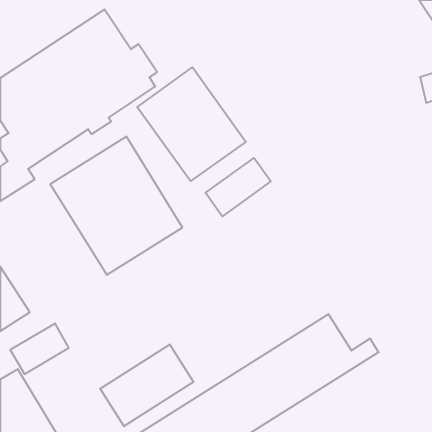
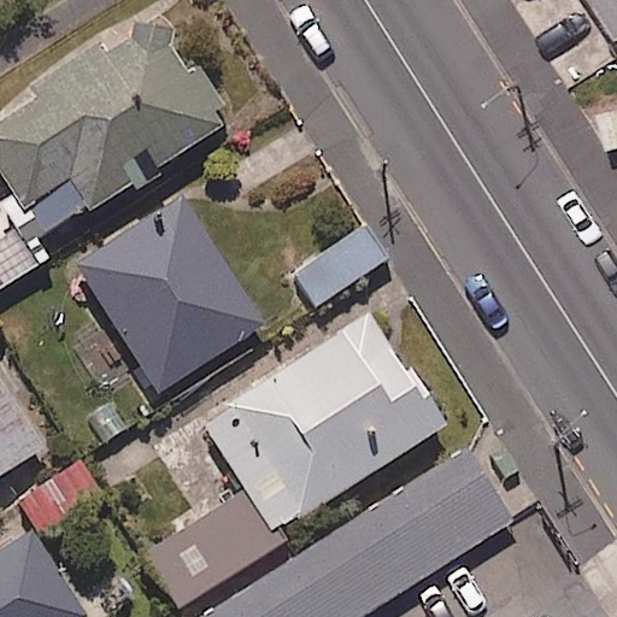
building: [137,67,246,181] -> none
building: none -> [200,312,446,531]

